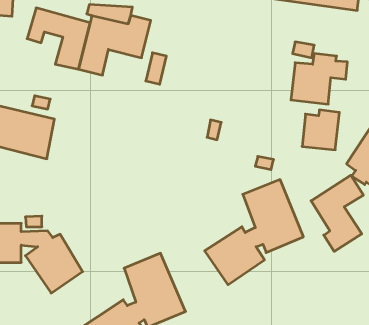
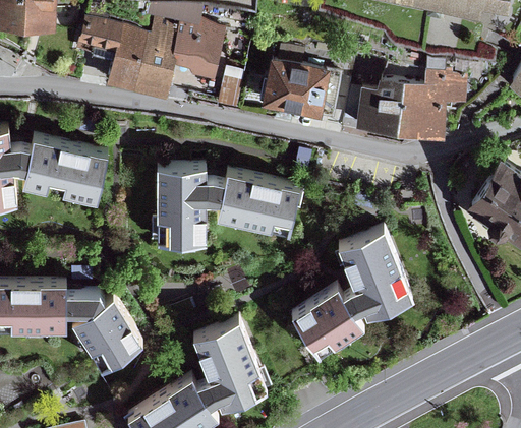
building: none -> [262,50,344,116]
building: [302,110,339,150] -> [356,81,402,130]
building: none -> [156,163,299,243]
building: [311,175,363,251] -> none

